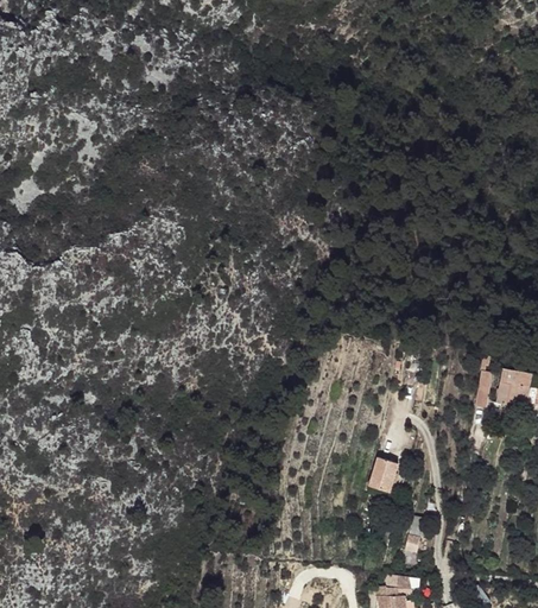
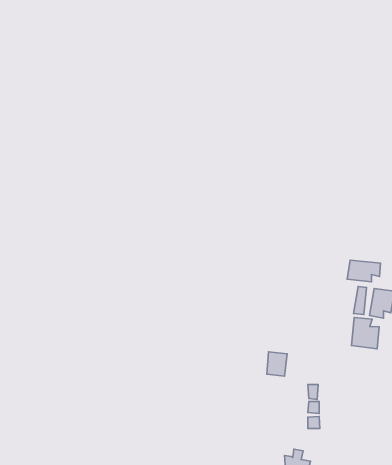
building: none -> [347,260,380,282]
building: none -> [351,318,379,349]

